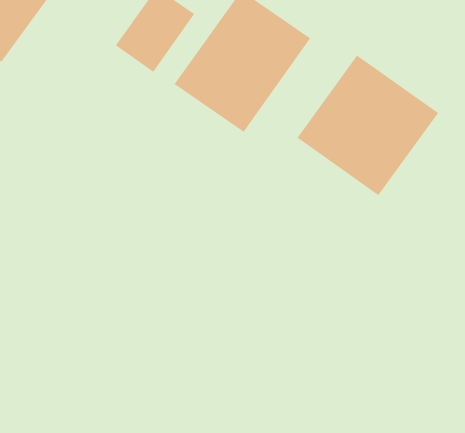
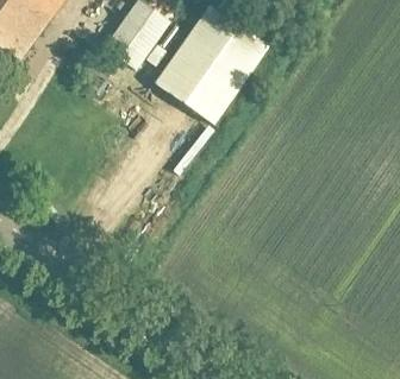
building: [296,54,439,196] -> none

